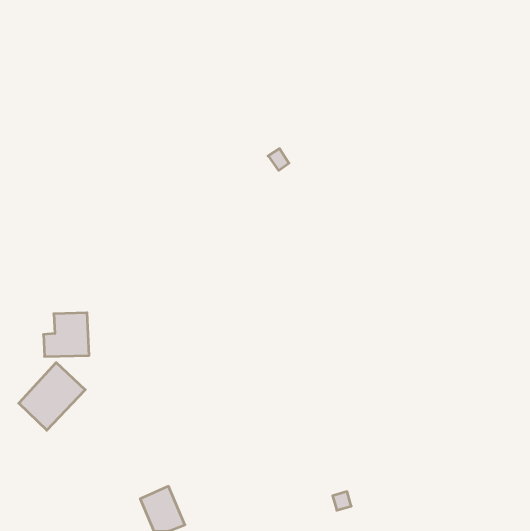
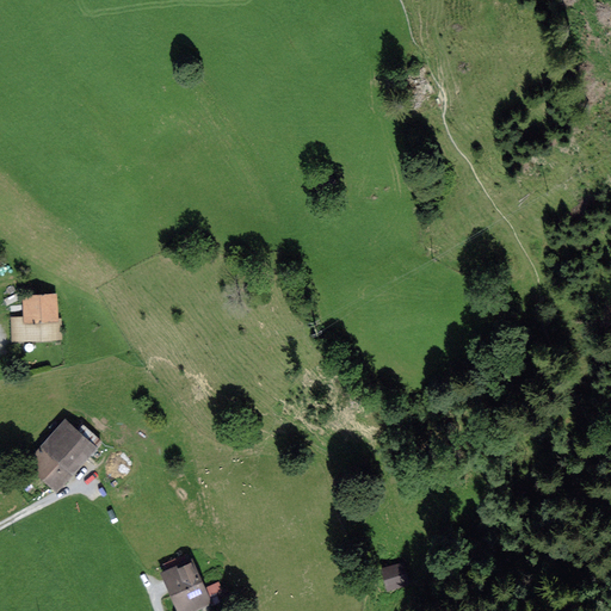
building: [43,313,89,356] -> [7,292,60,342]

